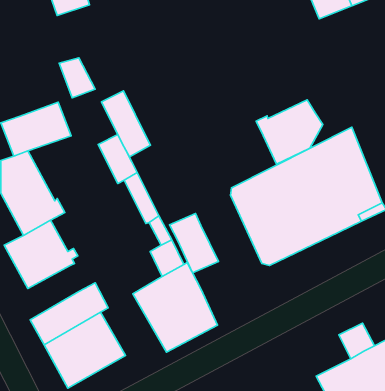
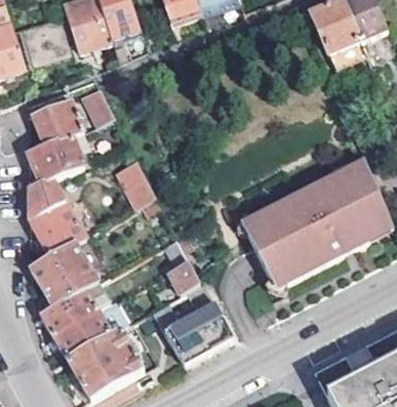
building: none -> [33,97,83,145]
building: [102,91,151,157] -> none
building: [256,100,323,164] -> none
building: [170,213,218,273] -> none
building: none -> [41,286,101,337]

